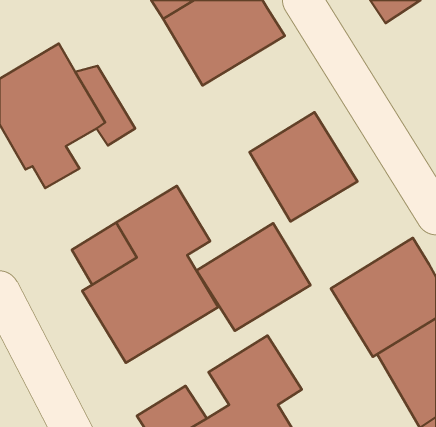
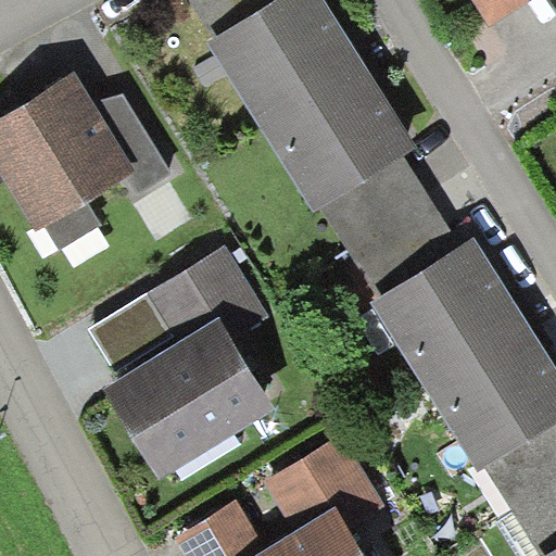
building: none -> [257,59,415,210]
building: none -> [369,231,525,379]
building: [196,223,310,331] -> none

